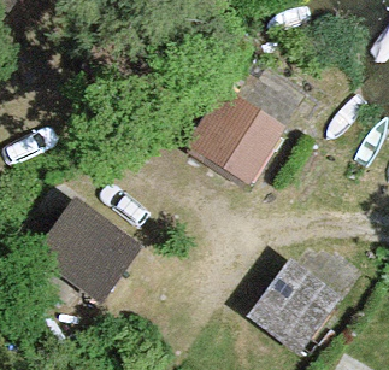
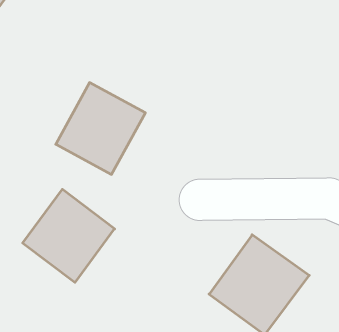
building: [184,87,277,182] -> [56,83,145,174]

